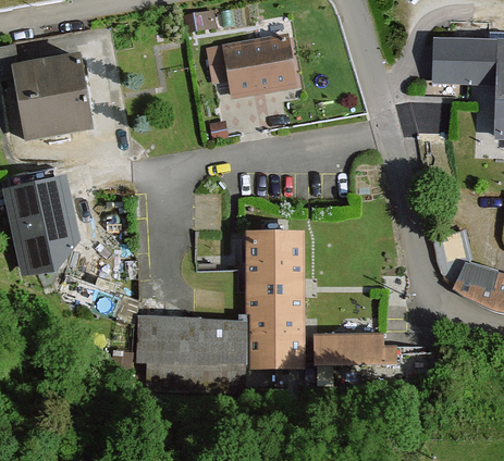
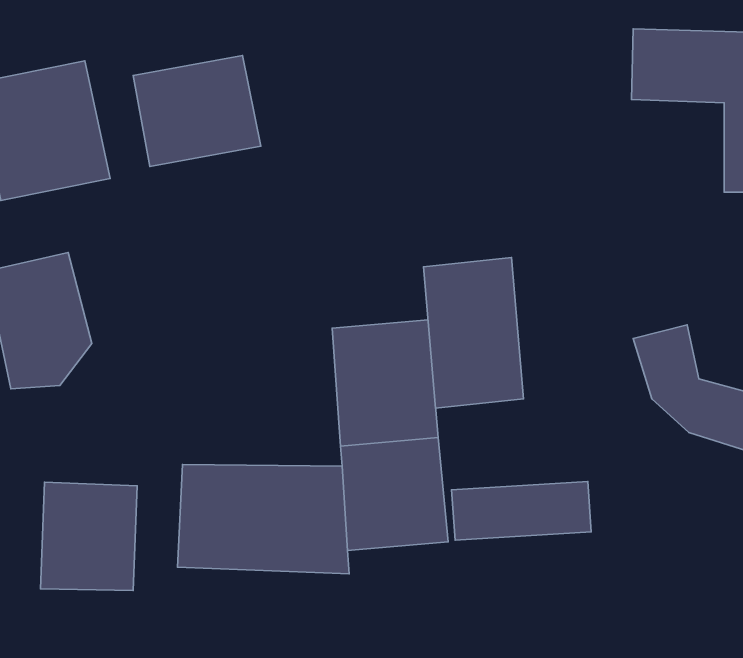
building: [216,29,298,101] -> [133,55,261,166]
building: none -> [424,257,523,408]
building: none -> [40,482,137,591]

